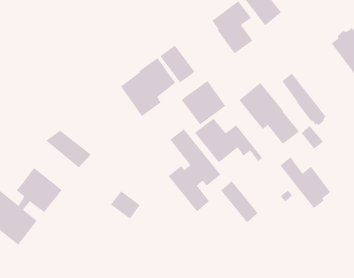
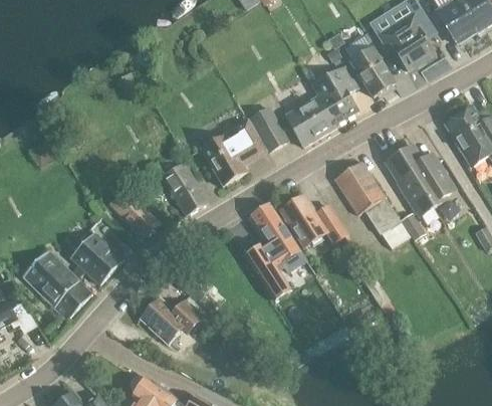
building: [181,80,226,125] -> [284,95,335,146]
building: none -> [161,160,208,215]
building: [279,156,331,209] -> [399,144,455,206]
building: [221,181,258,223] -> none
building: none -> [140,296,201,344]

